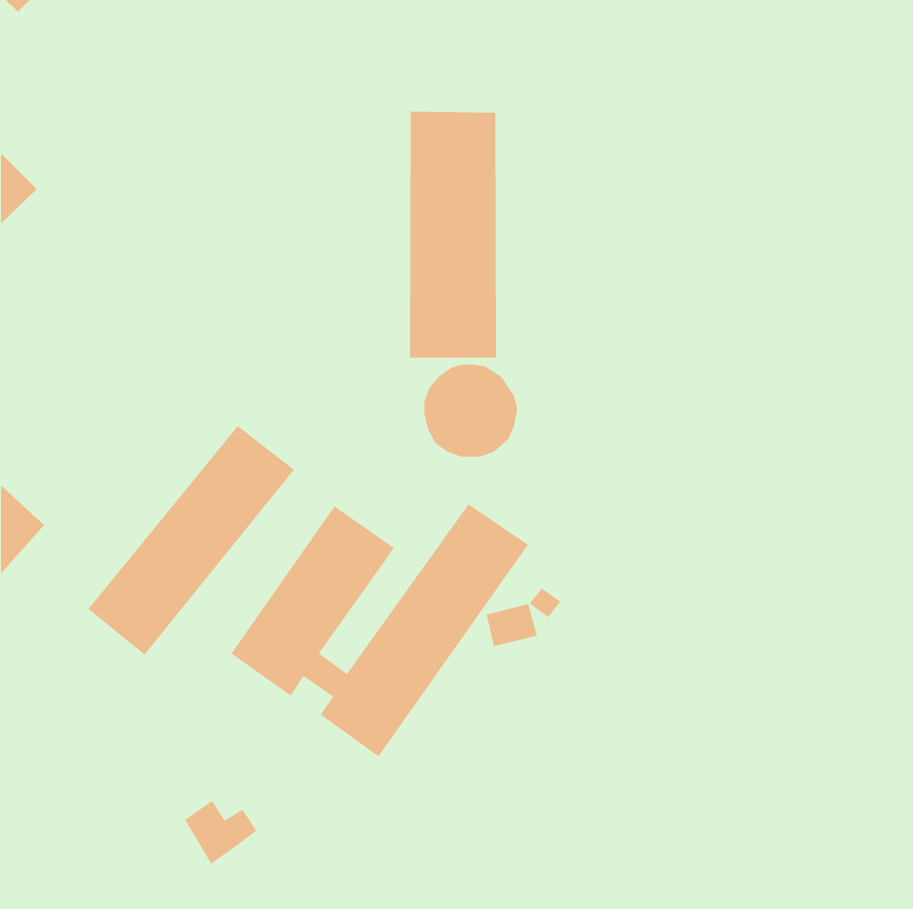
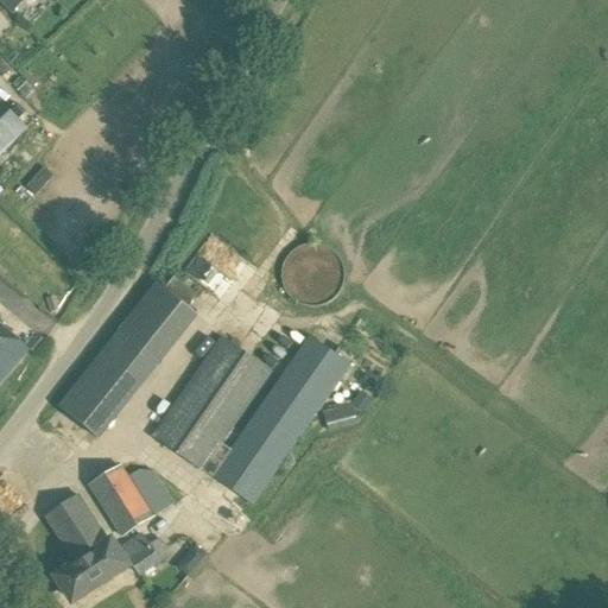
building: [409,111,496,359] -> none
building: none -> [88,463,175,537]
building: none -> [46,495,126,600]

